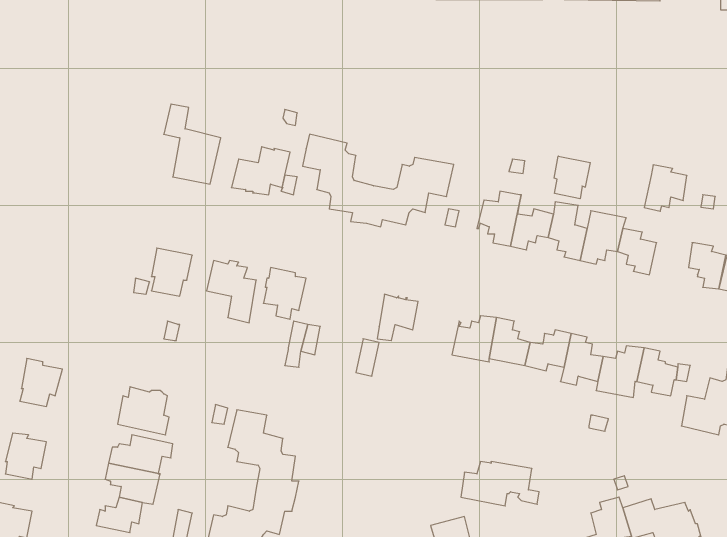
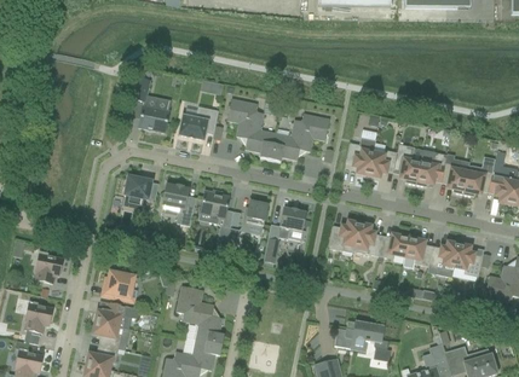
building: [554,156,590,199] -> none
building: [644,165,687,211] -> [463,163,492,195]
building: none -> [242,198,270,227]

